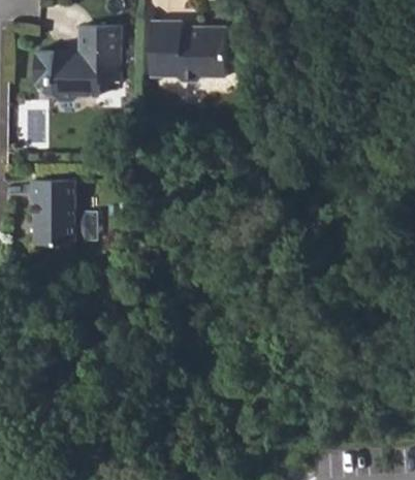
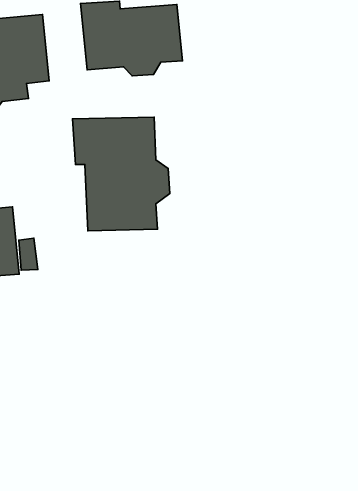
building: none -> [72,117,170,231]

